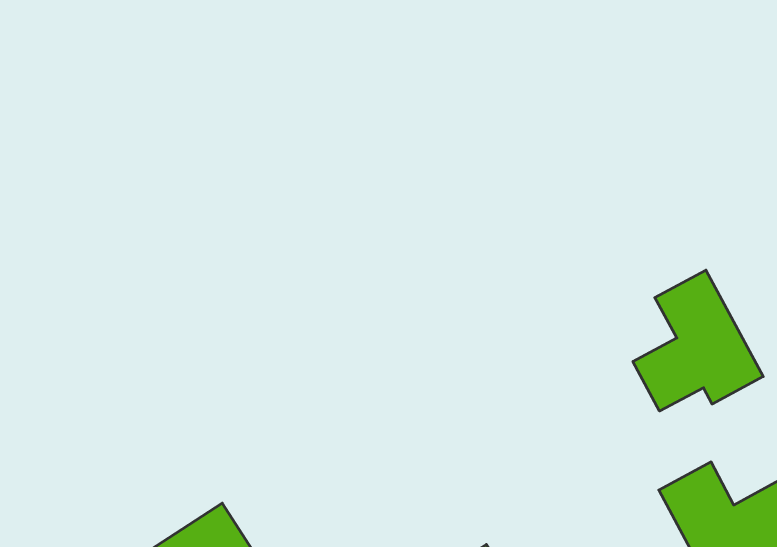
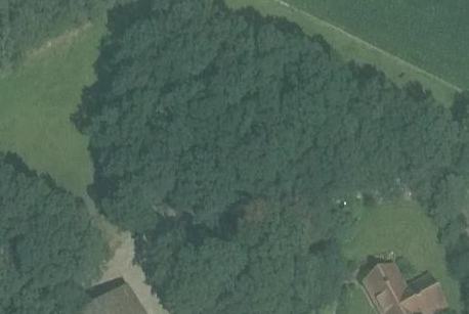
building: [633,270,763,411] -> none

